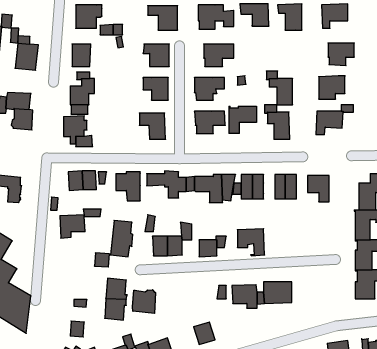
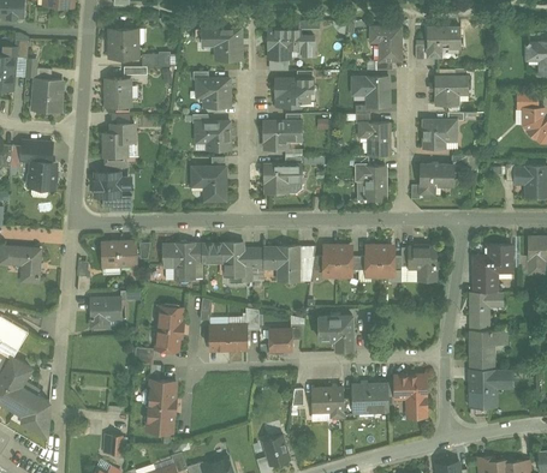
building: [240,4,269,26] -> [351,77,388,106]
building: [229,106,256,133] -> none
building: none -> [393,376,426,411]
building: [132,290,155,313] -> none

